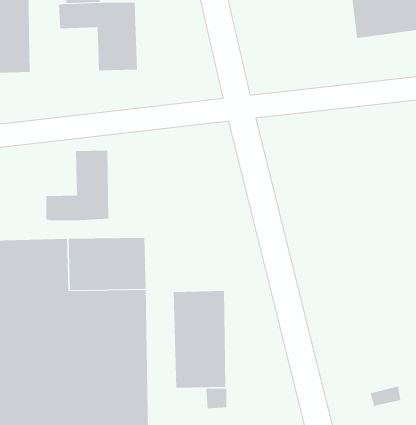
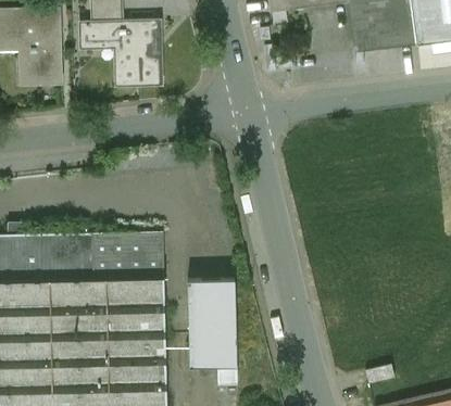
building: [46,150,109,221] -> none

